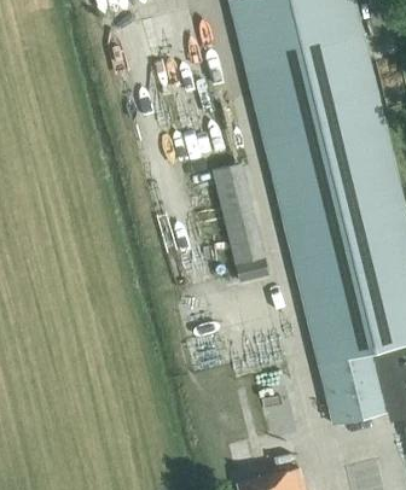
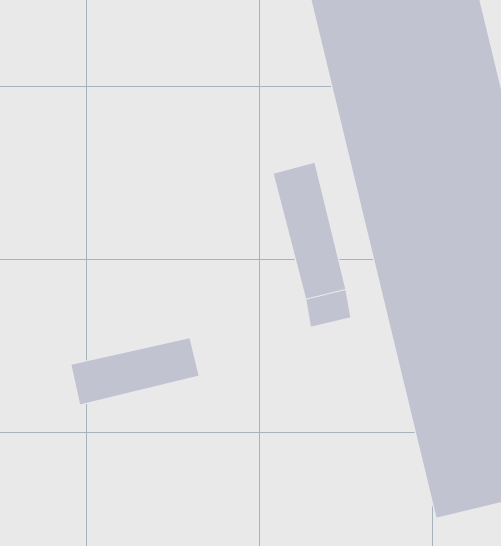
building: none -> [71,337,199,405]

